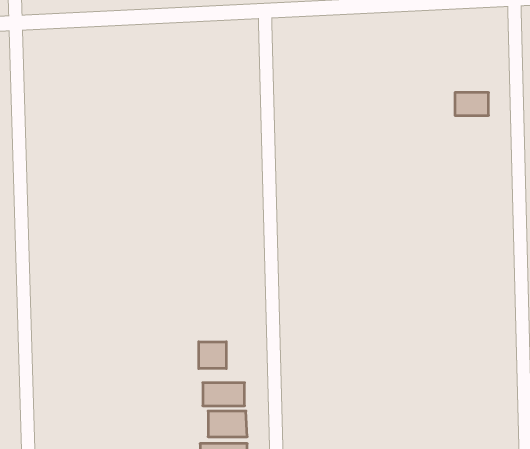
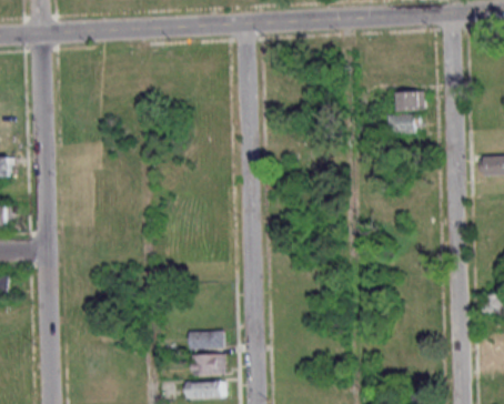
building: none -> [386,114,416,133]
building: [199,342,226,369] -> none

